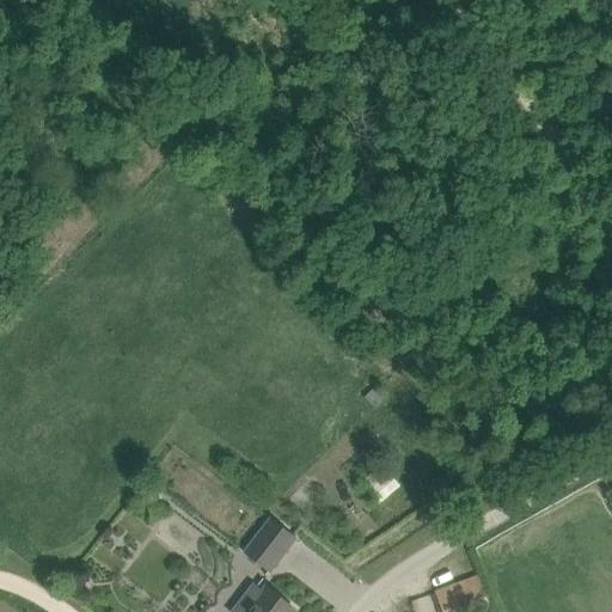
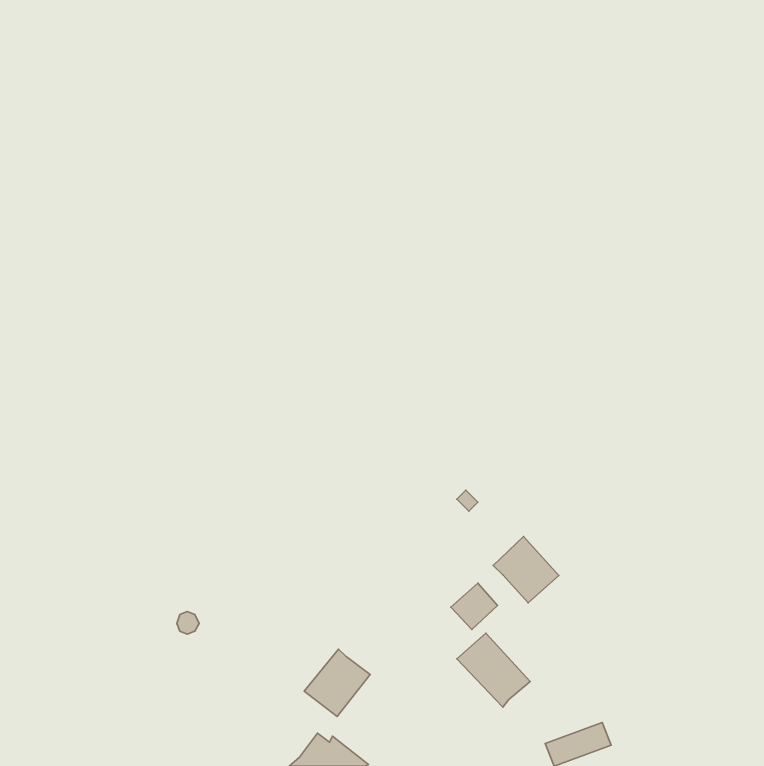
building: none -> [493,537,559,603]
building: none -> [457,633,530,707]

